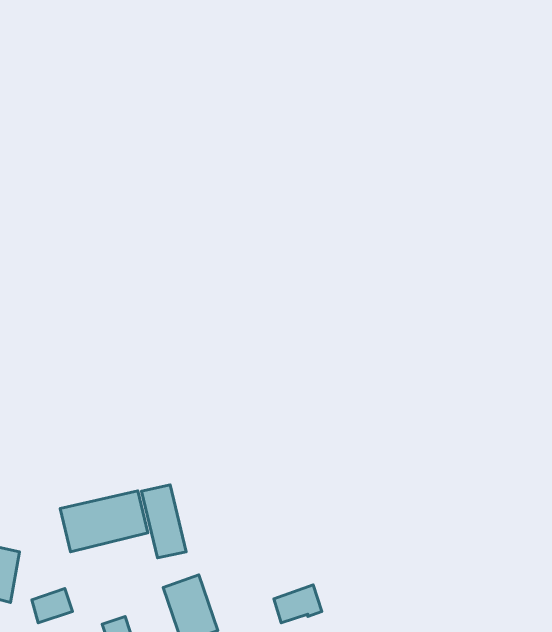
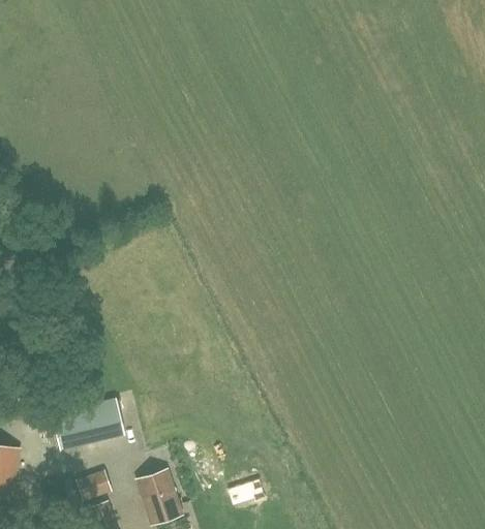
building: [142,485,186,558] -> none
building: [32,588,72,623] -> [77,471,110,499]

